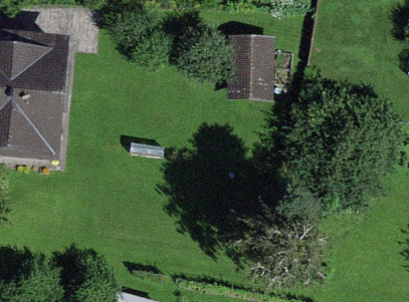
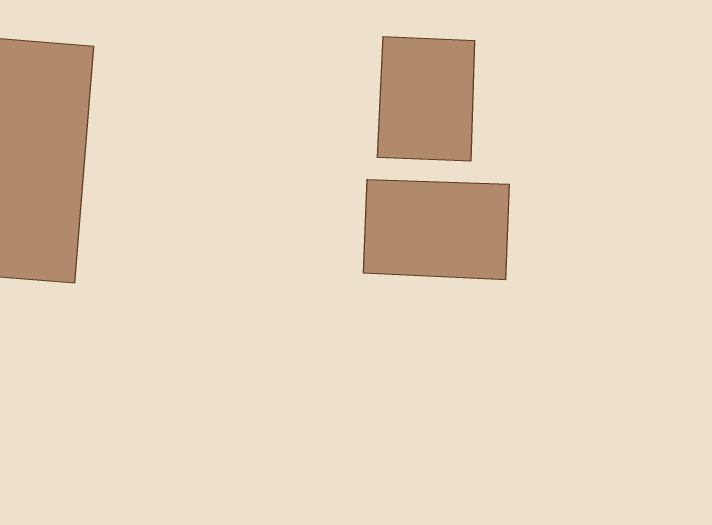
building: none -> [364,179,509,280]

